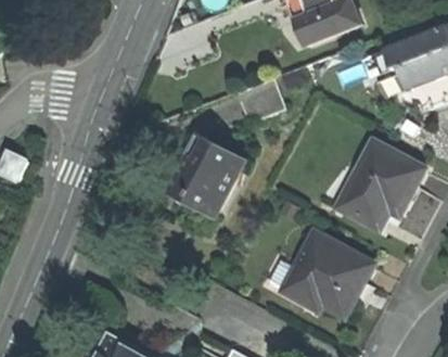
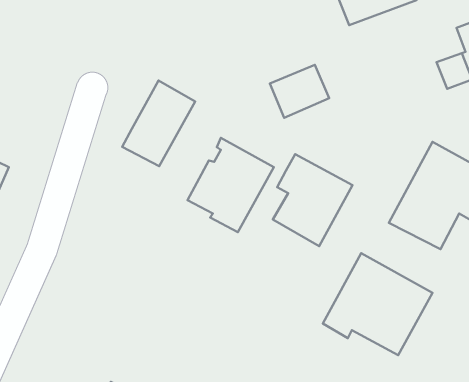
building: none -> [122,80,195,166]
building: none -> [273,154,353,246]

